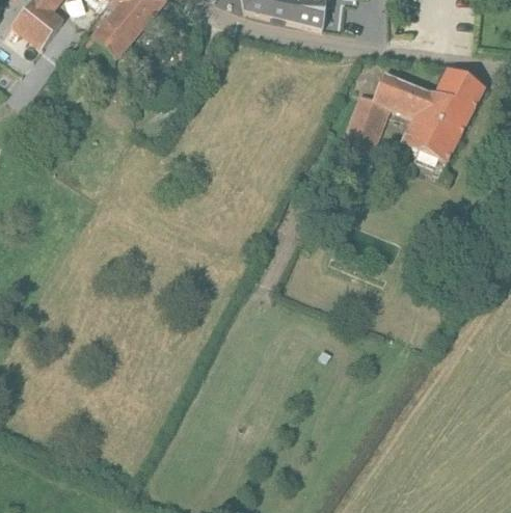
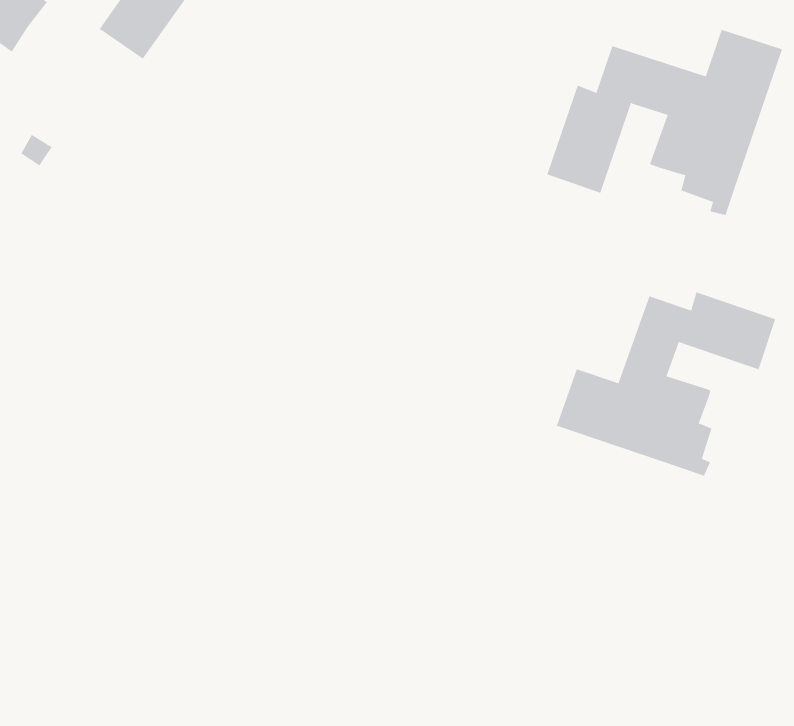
building: none -> [556,291,776,476]

